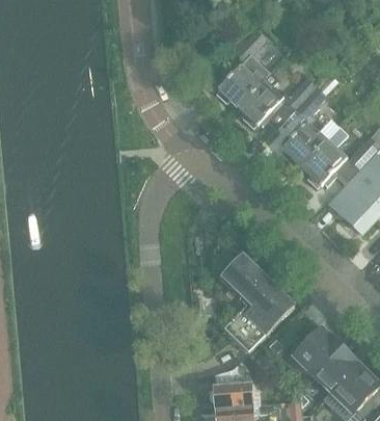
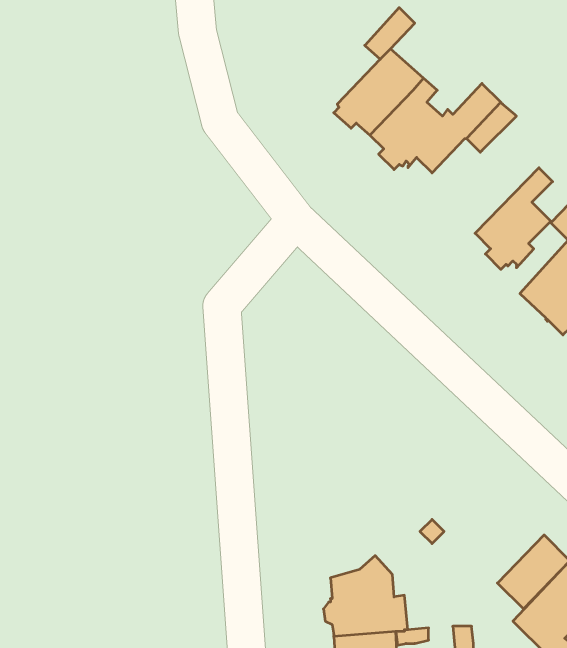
building: [281,119,341,165] -> none
building: [223,255,295,351] -> none
building: [294,326,344,376] -> none

